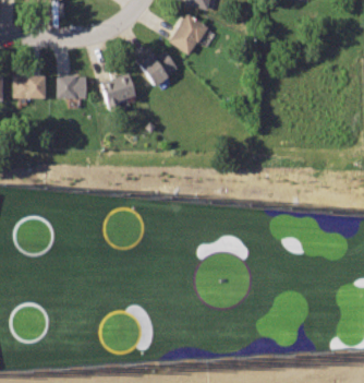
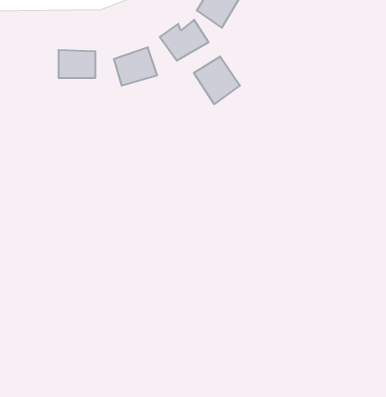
building: [14,75,45,96] -> none
building: none -> [194,56,240,104]

